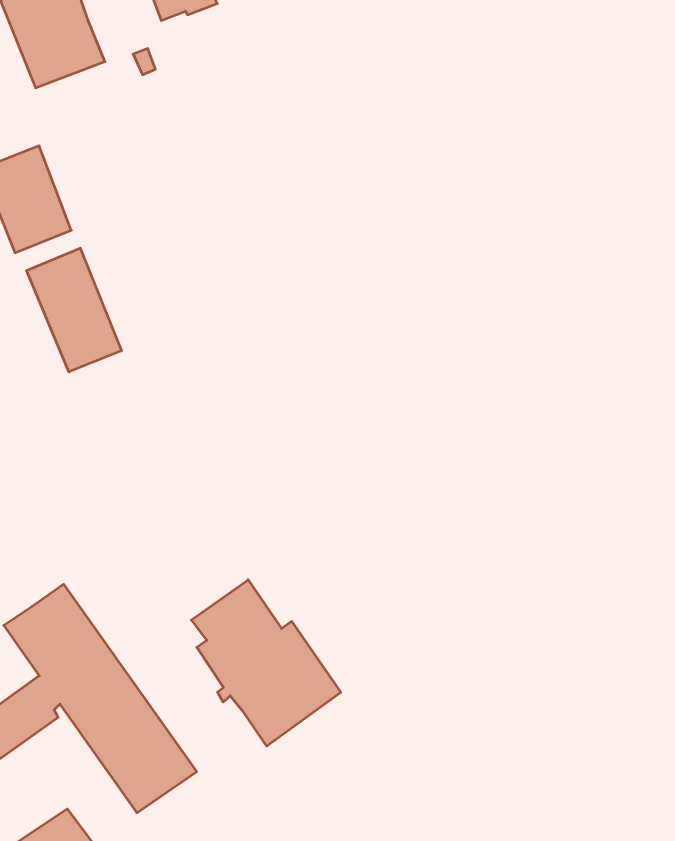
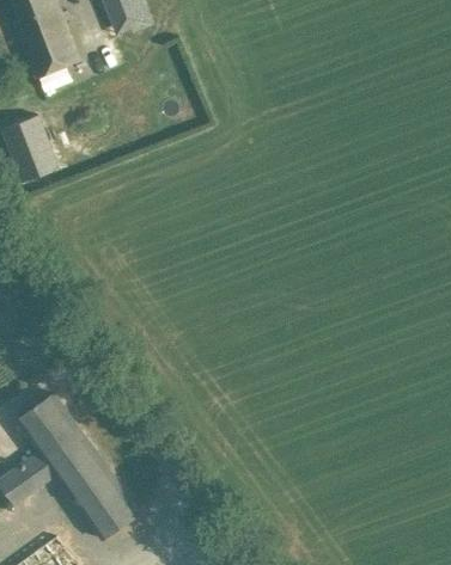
building: [27,248,121,372] -> none
building: [191,580,341,746] -> none

